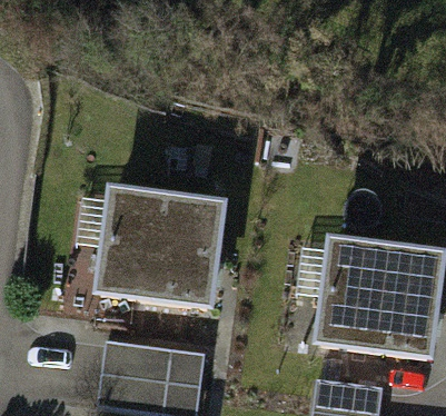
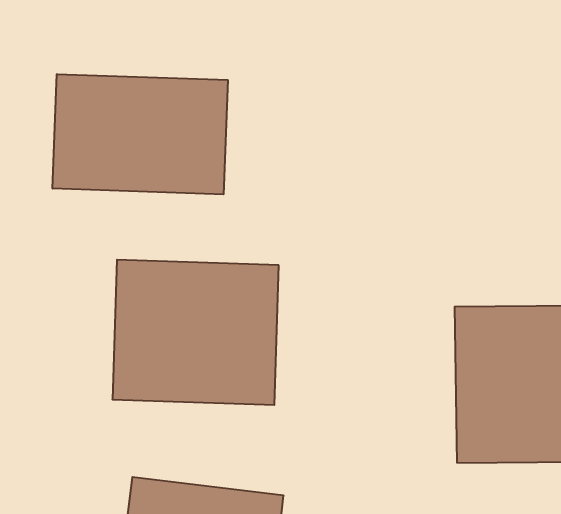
building: none -> [53,74,228,194]

